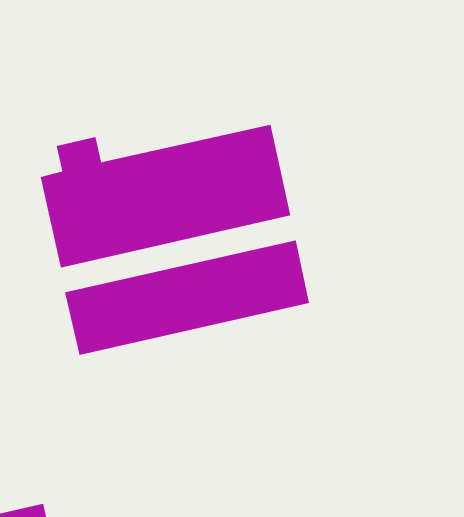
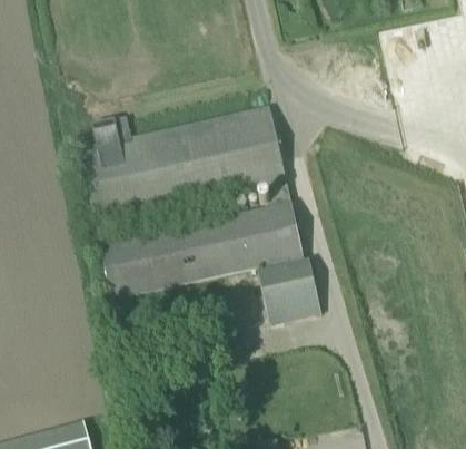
building: none -> [257,258,321,324]

